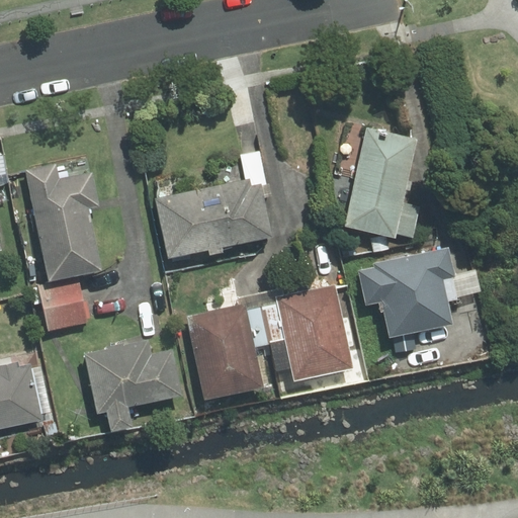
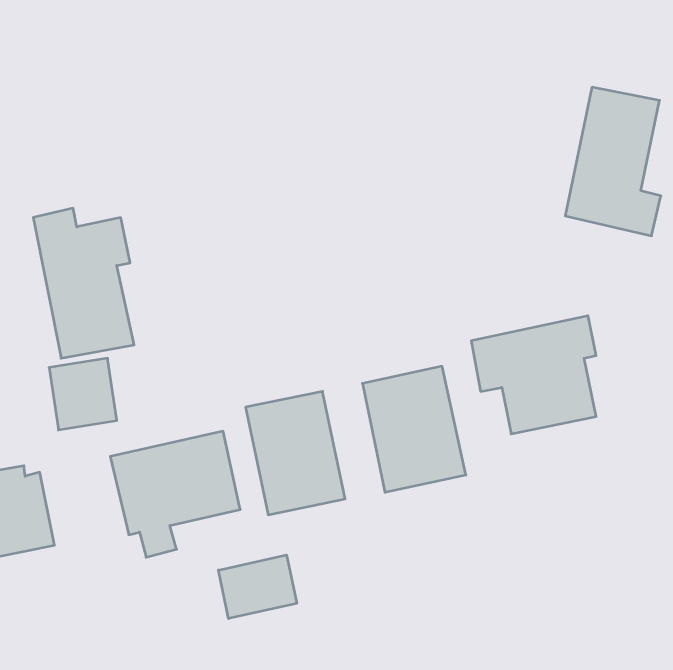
building: [345,127,418,241] -> [565,87,661,236]
building: [155,179,272,258] -> none
building: none -> [218,555,297,619]

